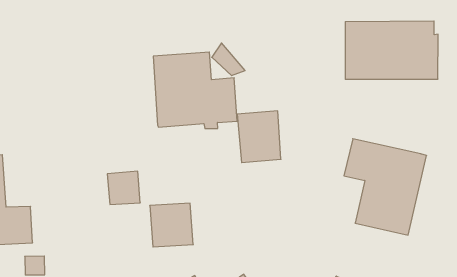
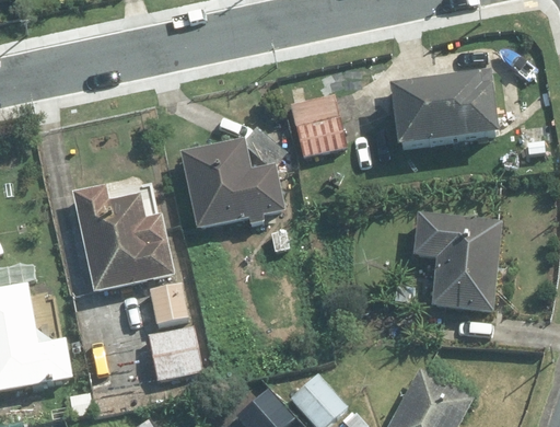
building: none -> [72,184,174,292]
building: [237,111,281,163] -> [289,93,345,157]
building: [150,203,193,247] -> [147,325,201,380]

